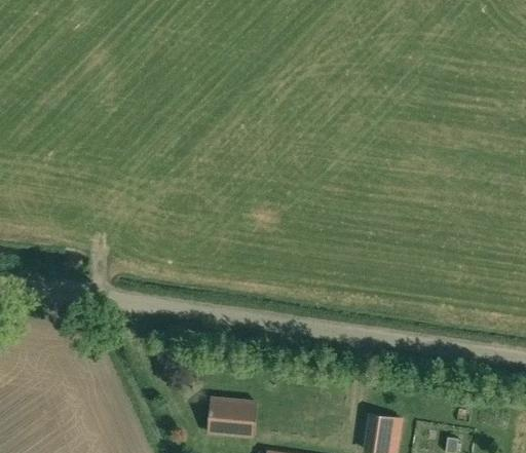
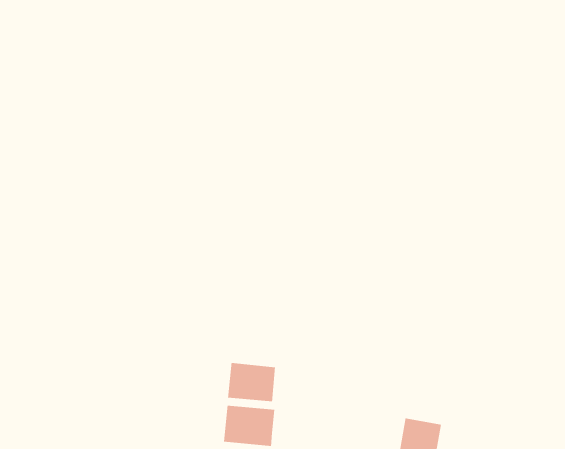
building: none -> [228,362,275,402]

